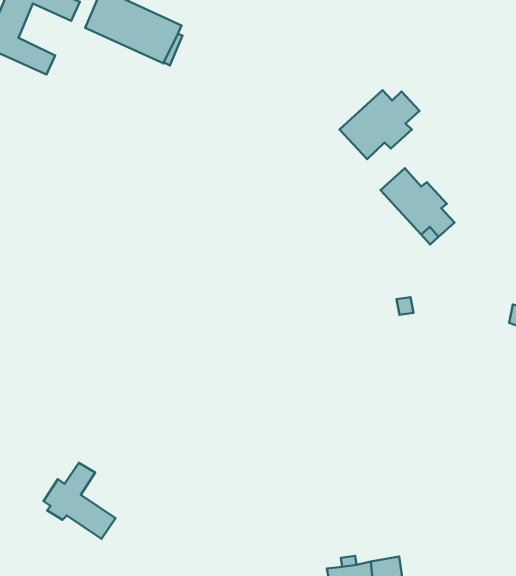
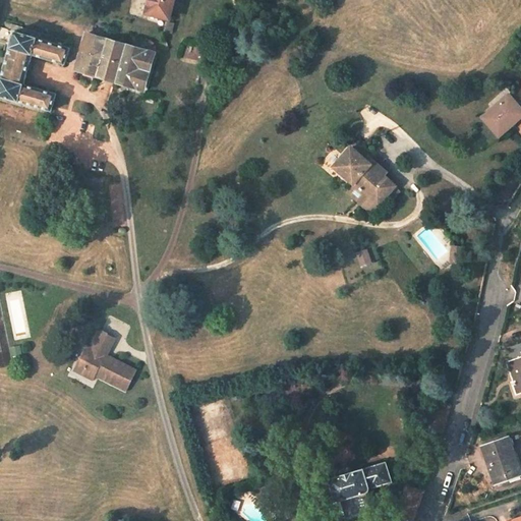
building: [340,90,419,159] -> none
building: [43,463,116,539] -> [75,331,135,390]

